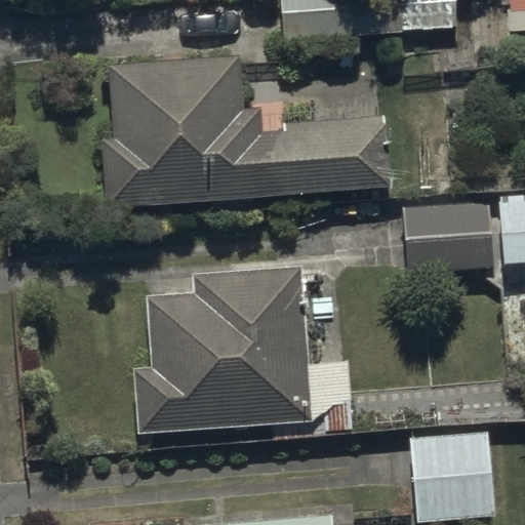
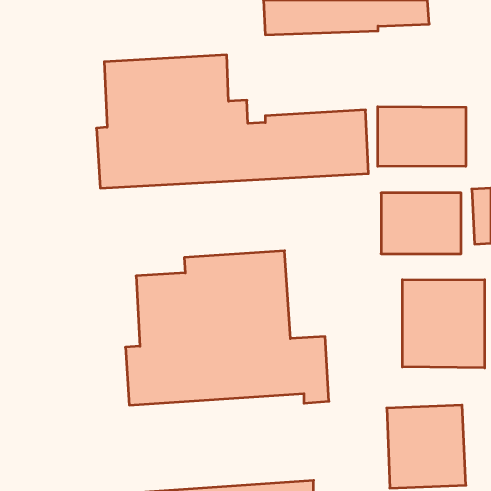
building: none -> [378,107,466,166]
building: none -> [402,280,485,368]

